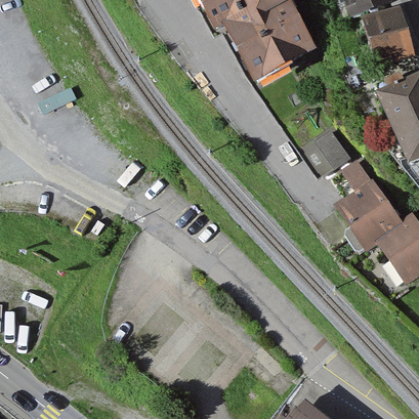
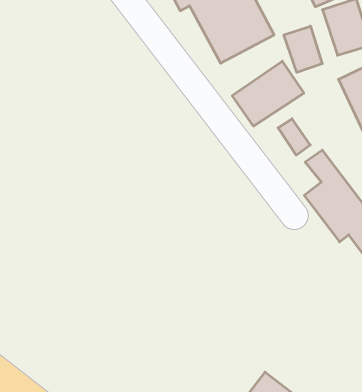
building: none -> [284,26,322,72]
building: none -> [232,61,304,126]

